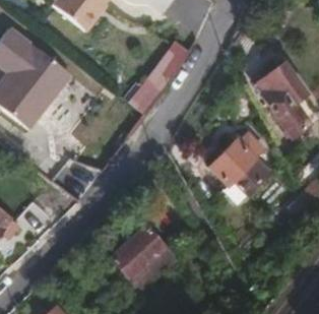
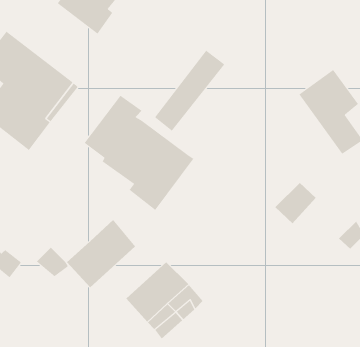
building: none -> [84,95,194,211]
building: [210,132,265,185] -> none
building: none -> [66,219,136,288]

